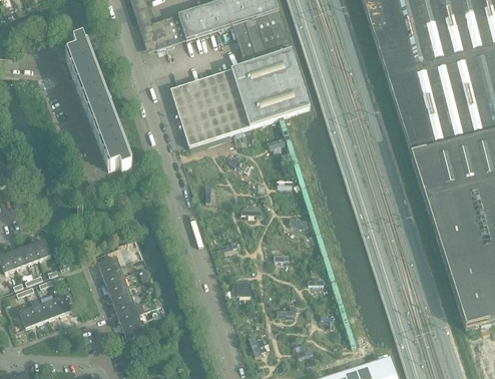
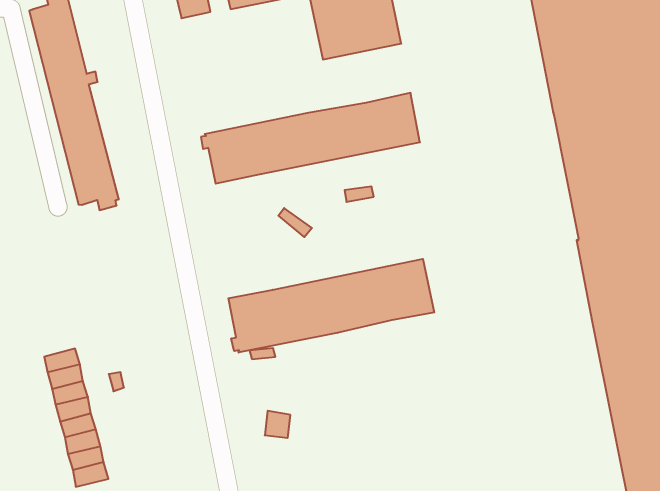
building: [170,48,301,116] -> none
building: none -> [228,259,434,353]

